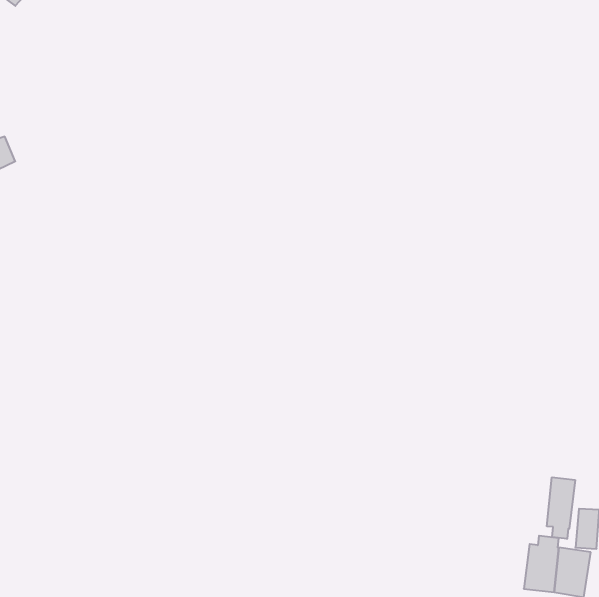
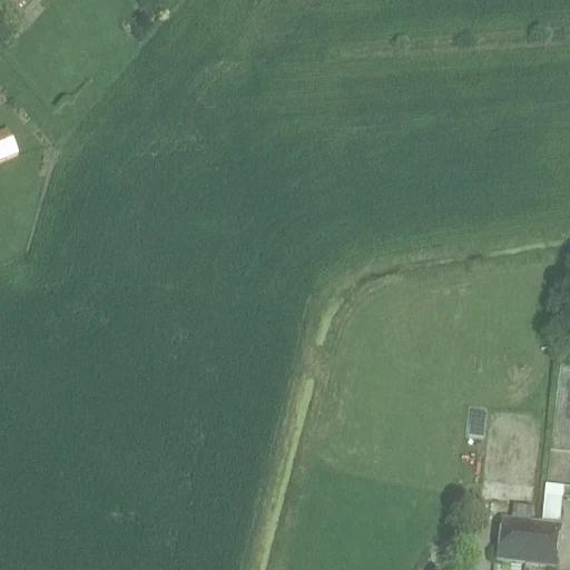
building: [547,477,575,539] -> none

